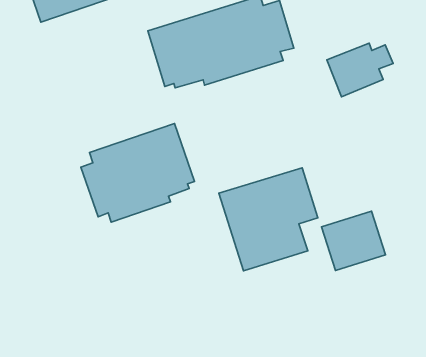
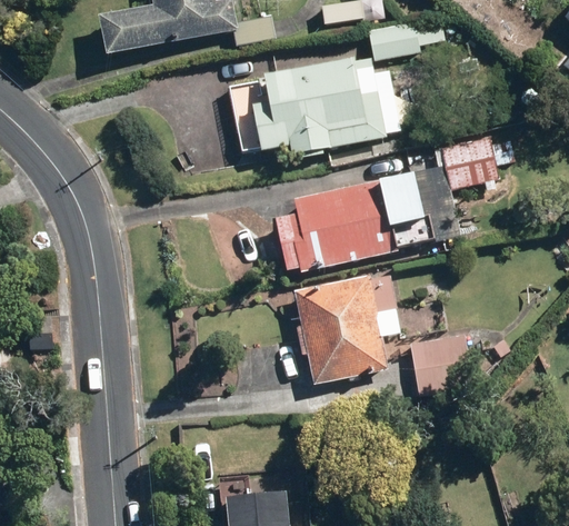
building: none -> [269,173,423,272]
building: [81,124,194,222] -> none

